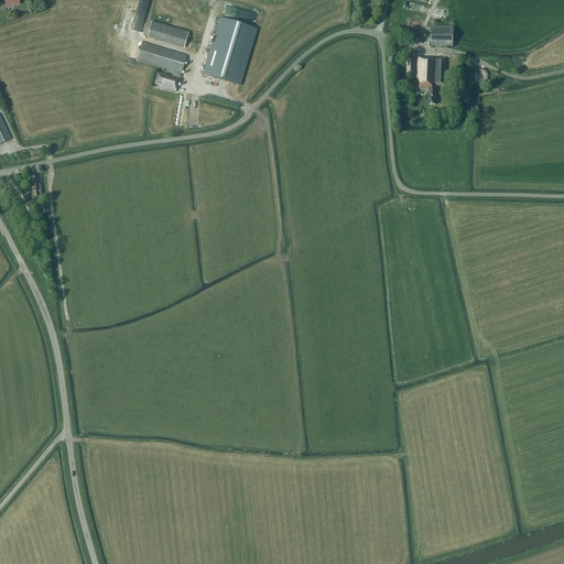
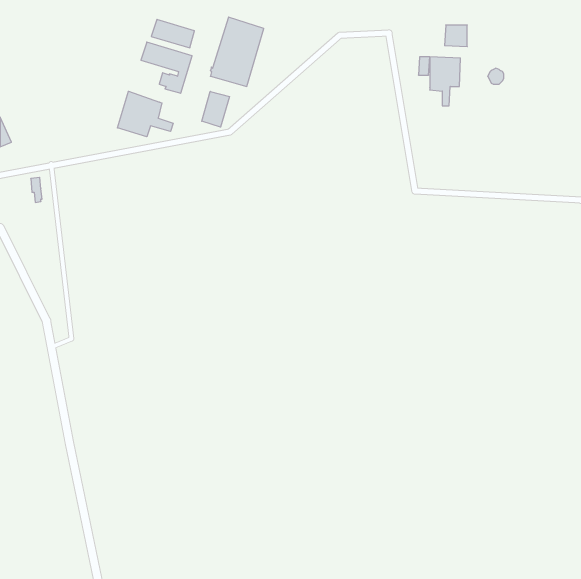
building: none -> [117,91,173,137]
building: none -> [202,91,229,127]

